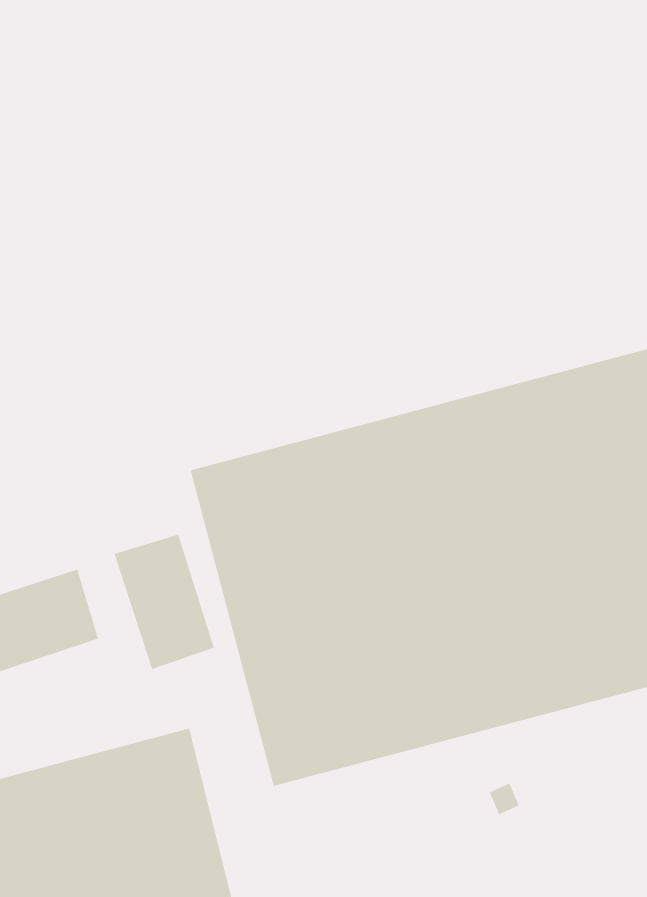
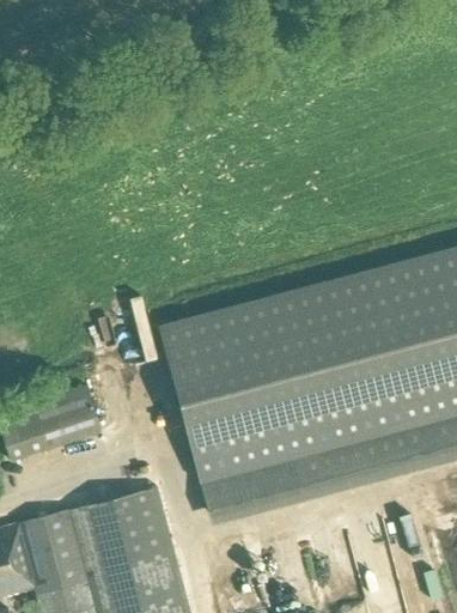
building: [114,534,215,670] -> none

